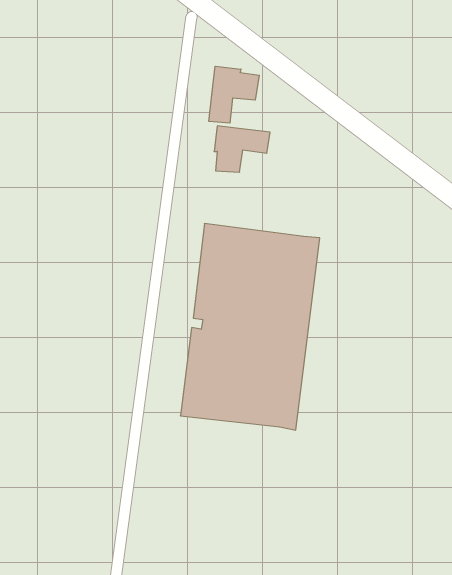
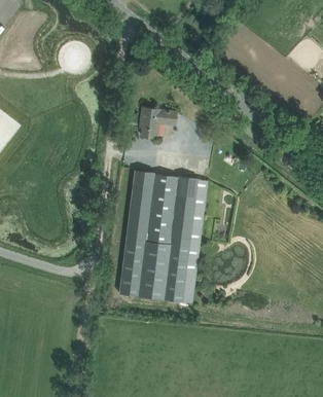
building: [209,66,259,123] -> none

